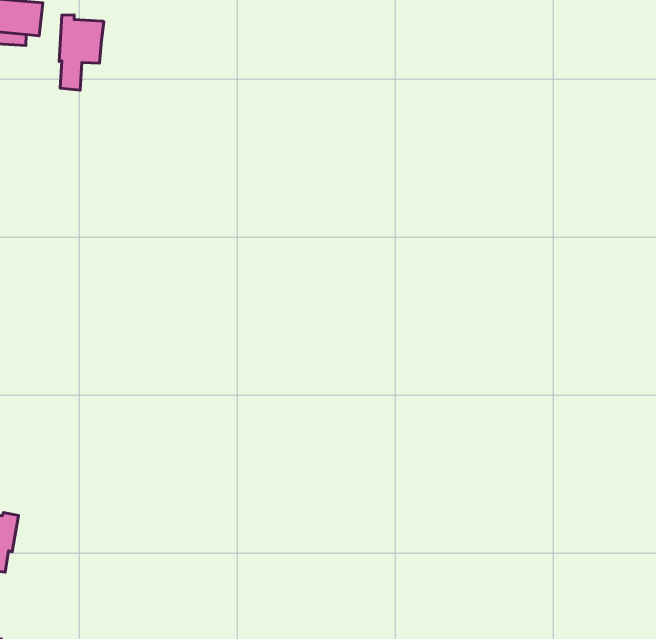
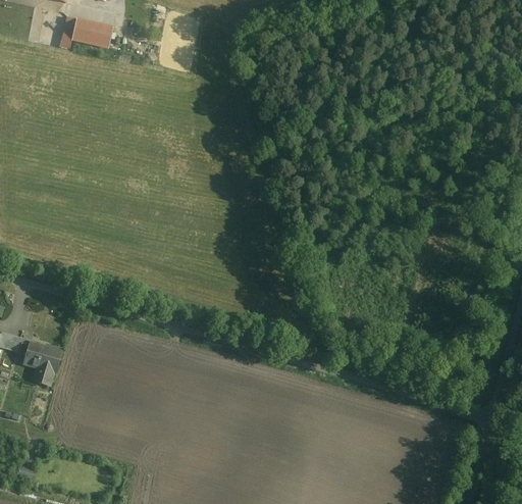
building: [59,15,104,90] -> none

